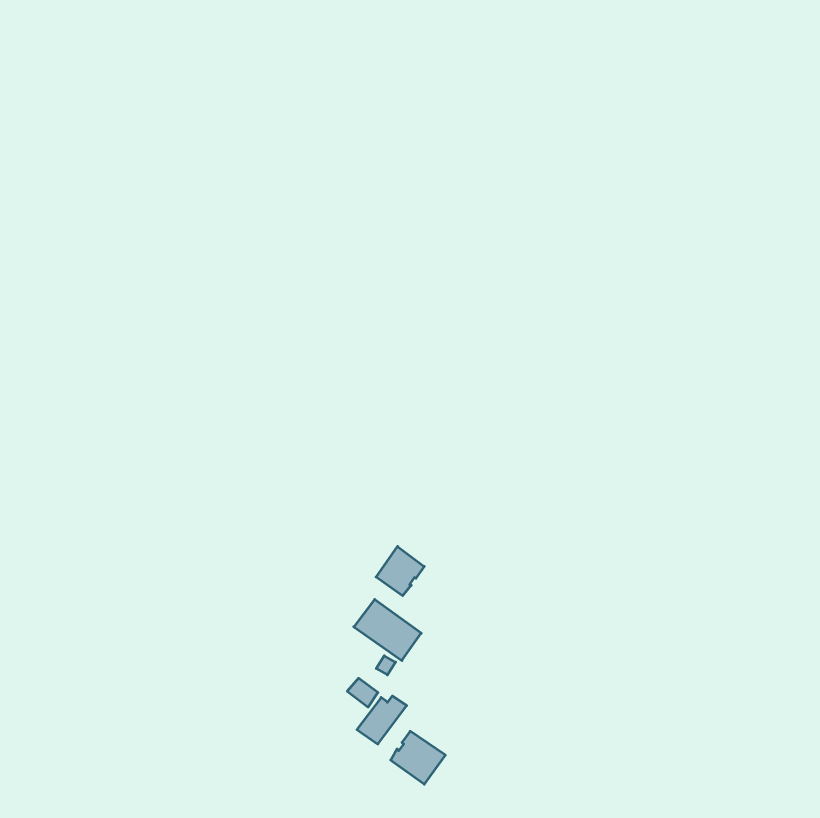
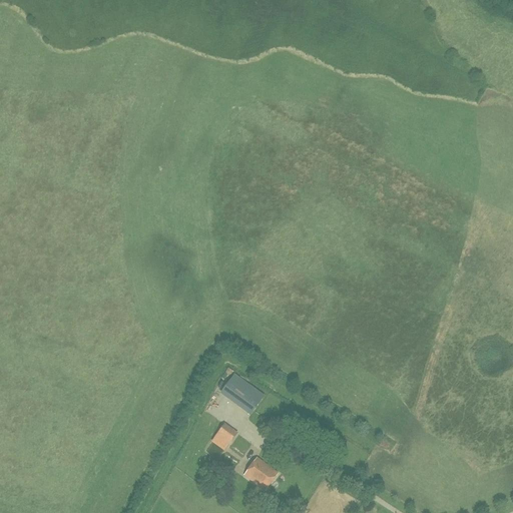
building: [376,546,424,596] -> none

